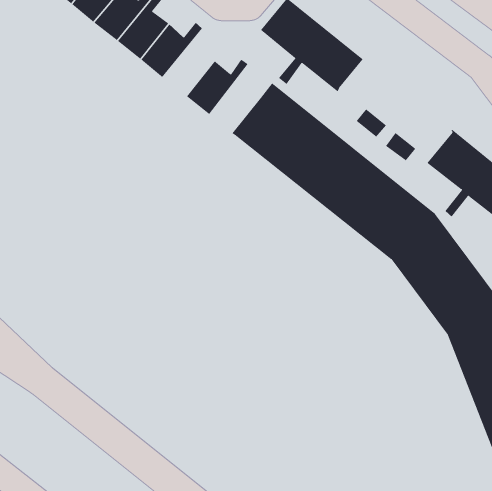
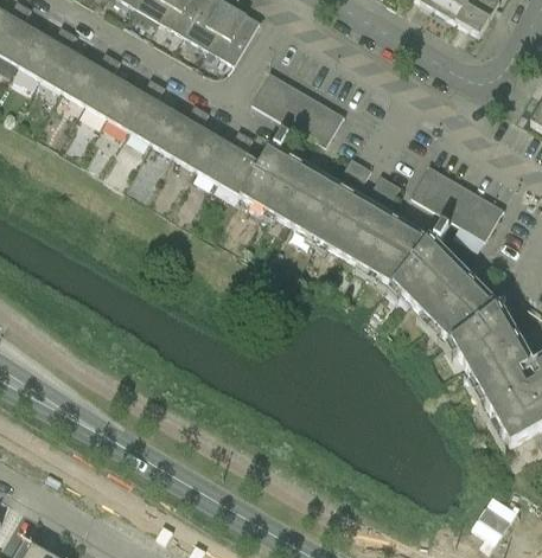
building: none -> [172,108,215,168]
building: none -> [217,133,259,194]

